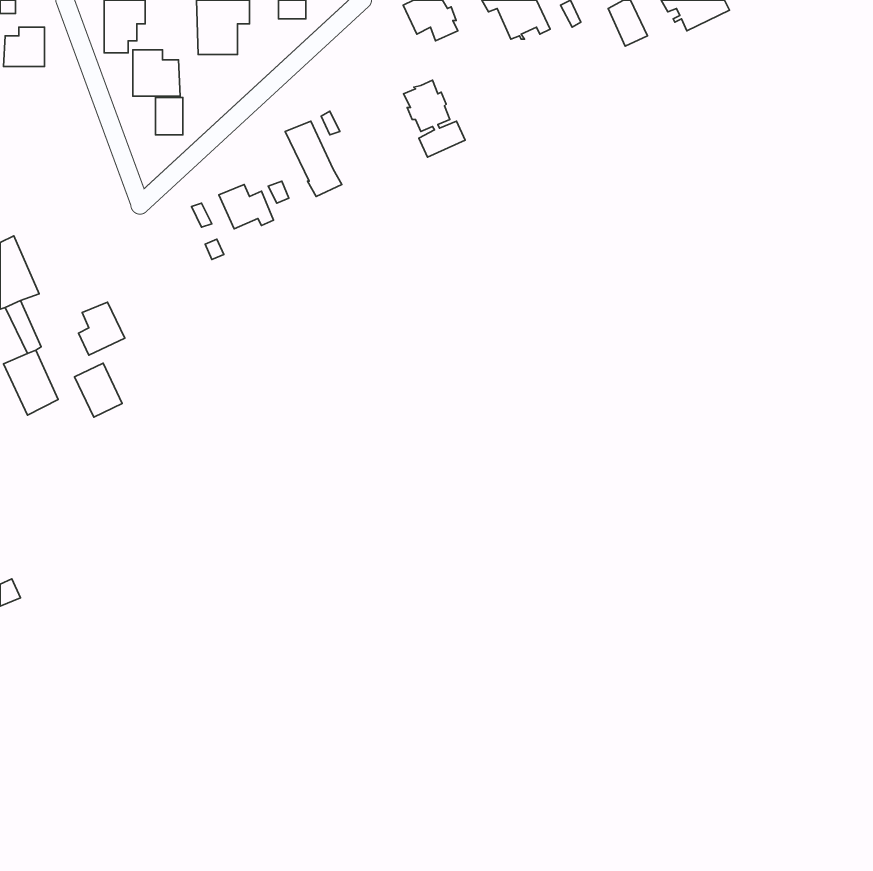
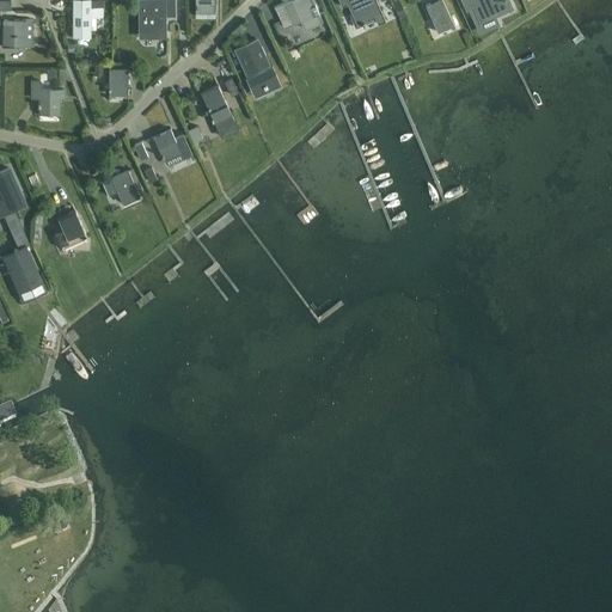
building: [133,50,180,96] -> none
building: [404,80,465,157] -> [235,39,279,93]
building: none -> [31,82,63,115]
building: none -> [102,172,139,203]
building: [75,363,122,417] -> none

